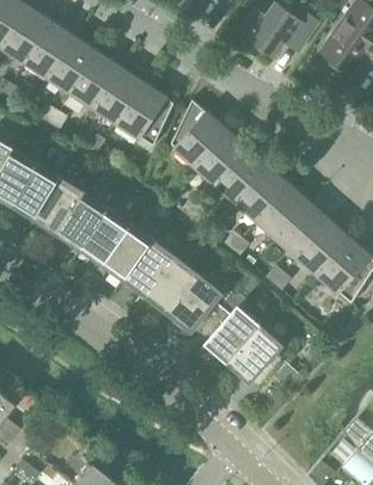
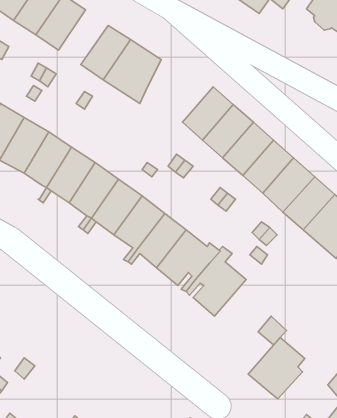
building: [71,53,121,108] -> none
building: [171,100,227,166] -> none
building: [228,325,286,387] -> [248,337,305,399]

